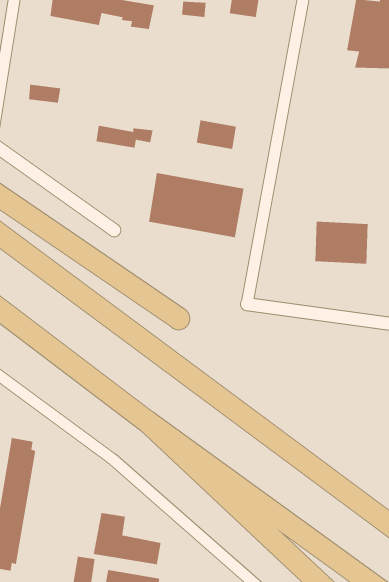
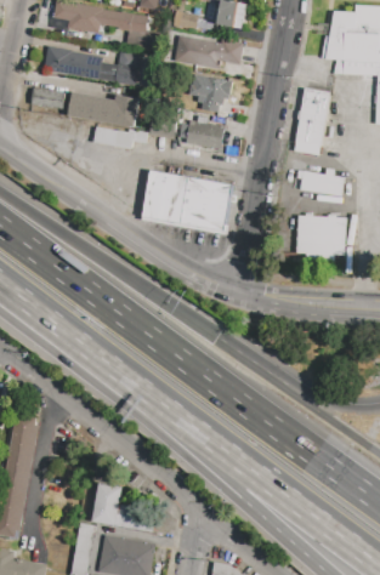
building: none -> [174,35,243,68]
building: none -> [44,46,141,85]
building: none -> [200,75,233,112]
building: none -> [294,87,328,153]
building: none -> [66,91,137,127]
building: none -> [294,169,342,195]

